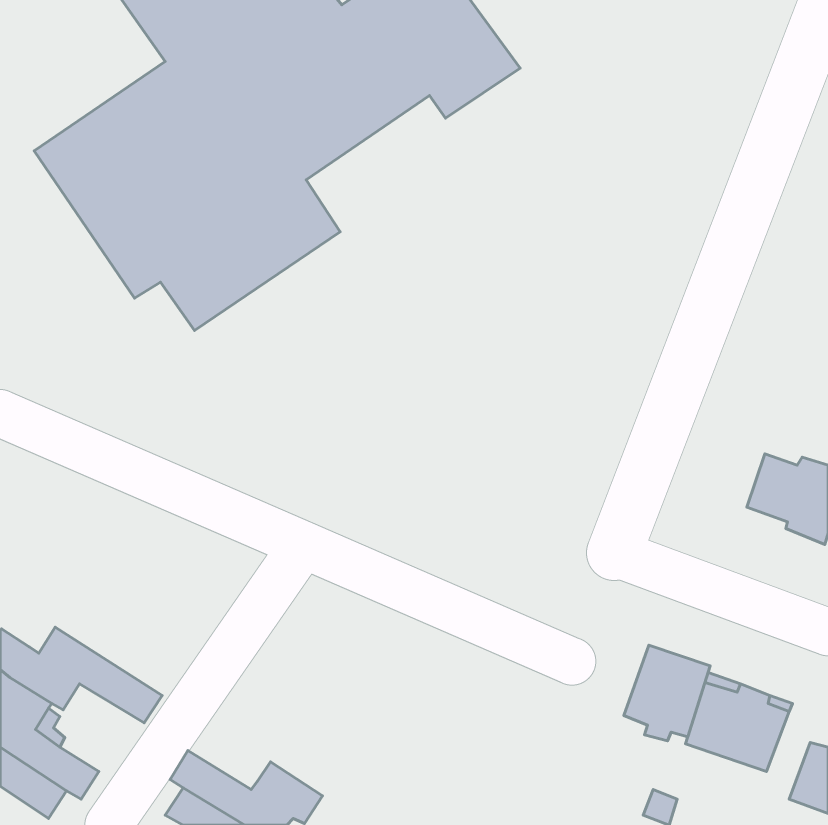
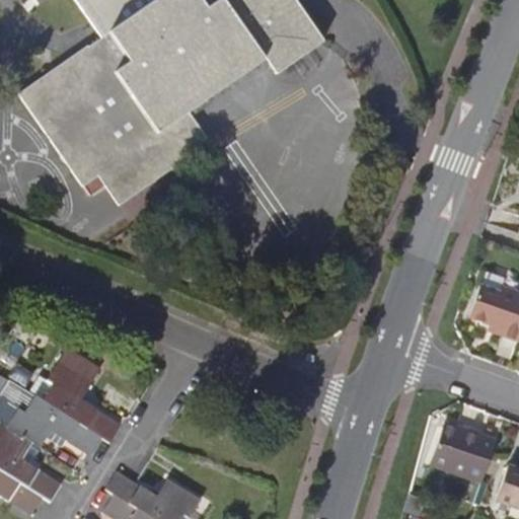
building: none -> [28,346,122,440]
building: [624,645,710,741] -> none

